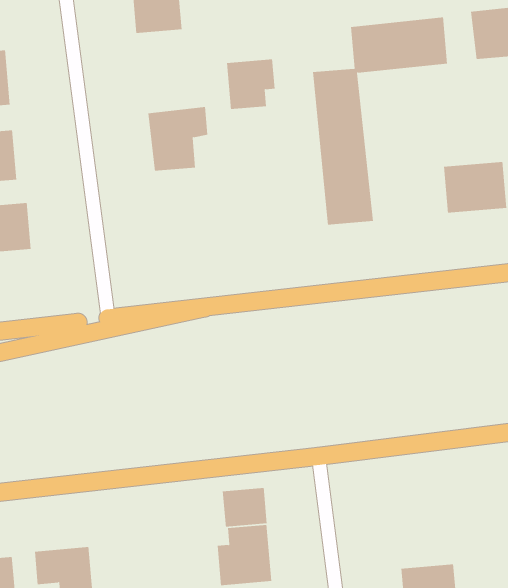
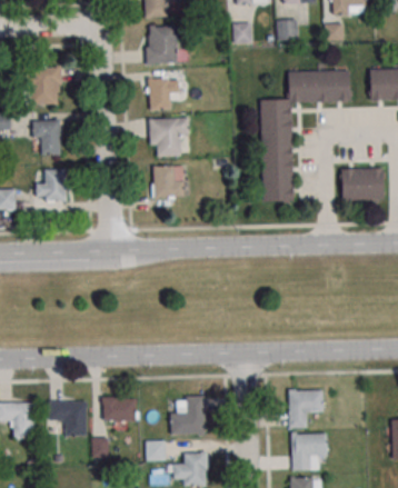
building: [226,59,275,110] -> [147,78,178,109]
building: none -> [151,166,185,198]
building: [222,487,267,527] -> none
building: none -> [289,390,322,427]
building: none -> [102,397,136,421]

